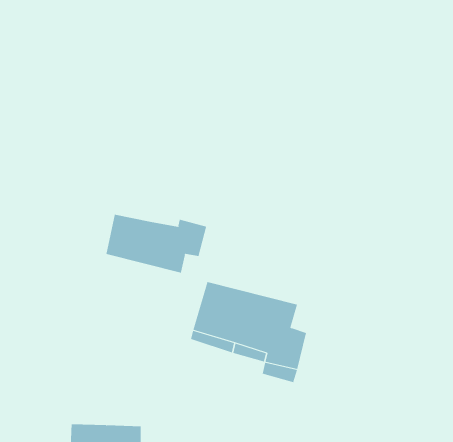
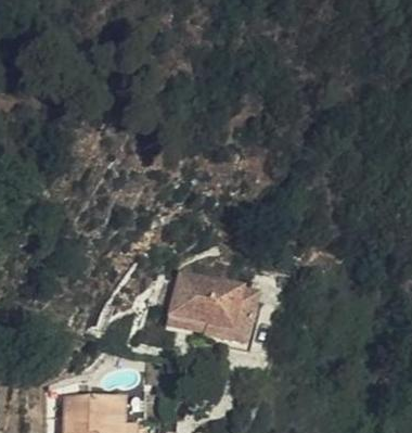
building: [106,214,207,274] -> none

